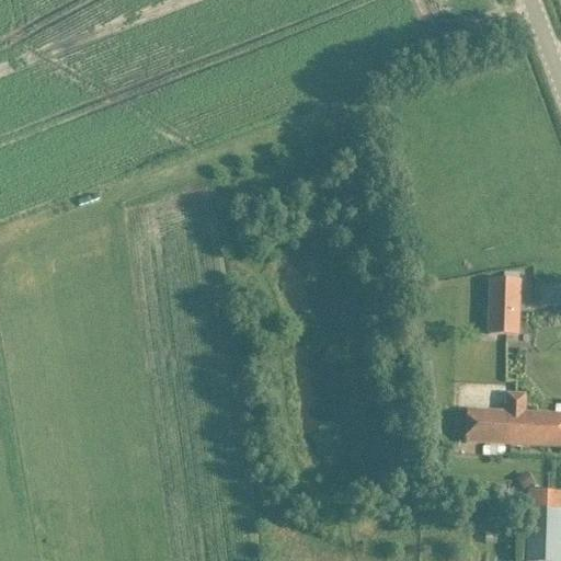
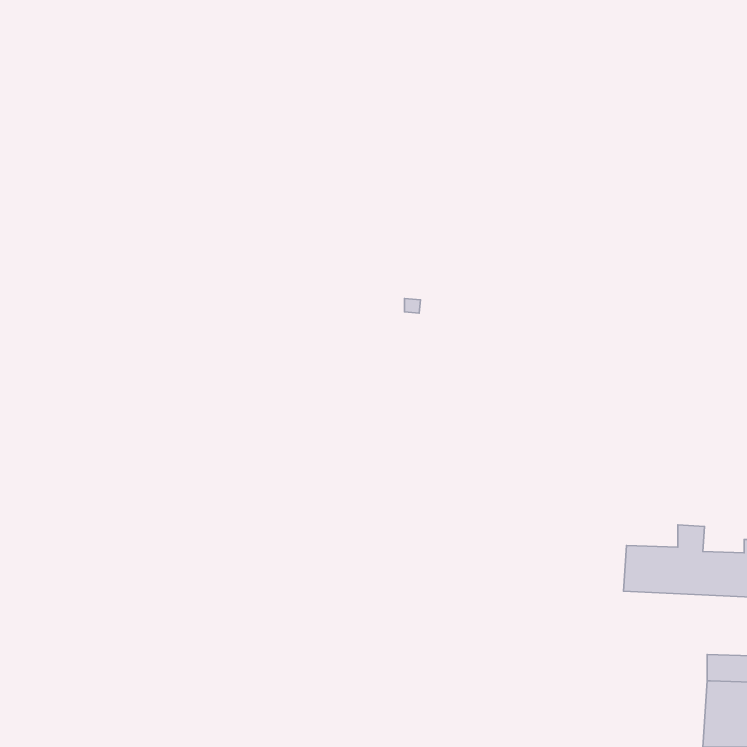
building: [491,278,520,333] -> none

